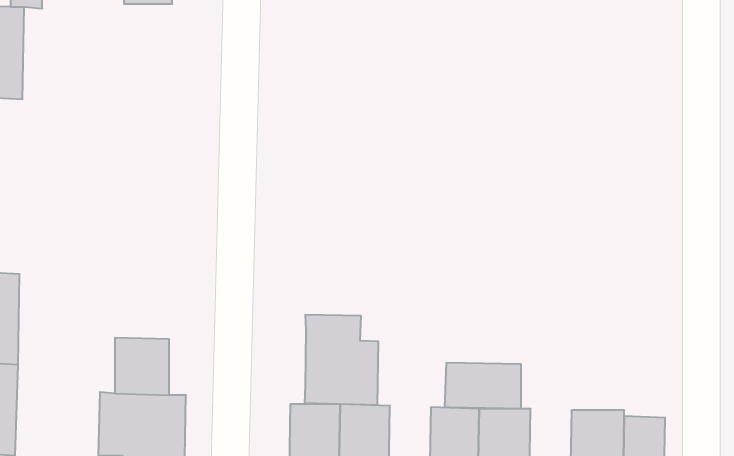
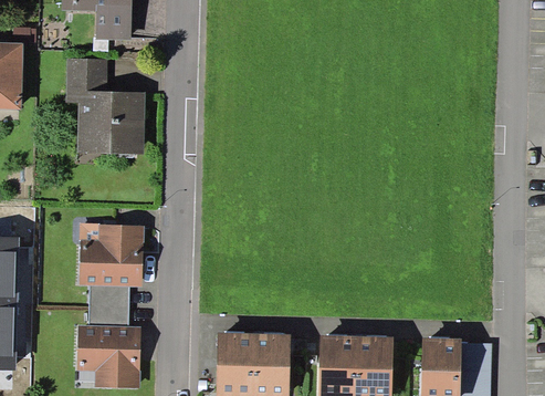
building: none -> [65,59,145,154]
building: none -> [78,223,143,285]
building: [305,315,378,405] -> none
building: [445,363,521,409] -> none

